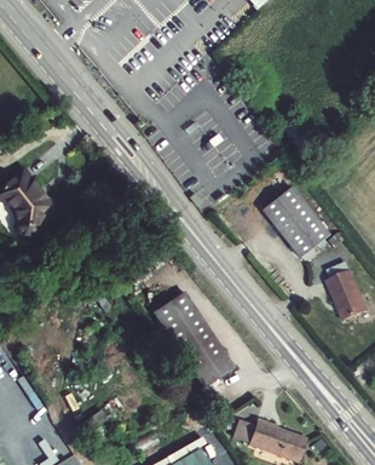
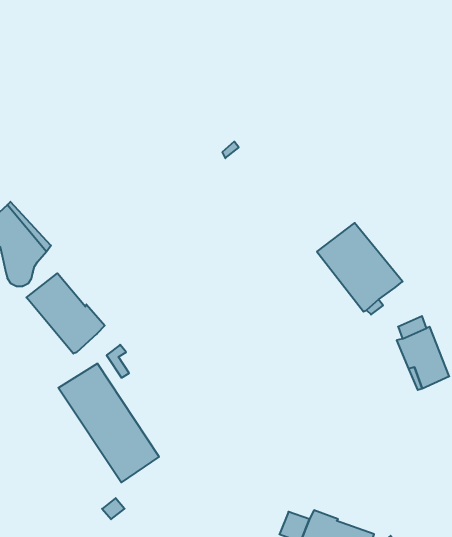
building: none -> [26,273,105,354]
building: [154,291,235,386] -> [58,364,159,482]

